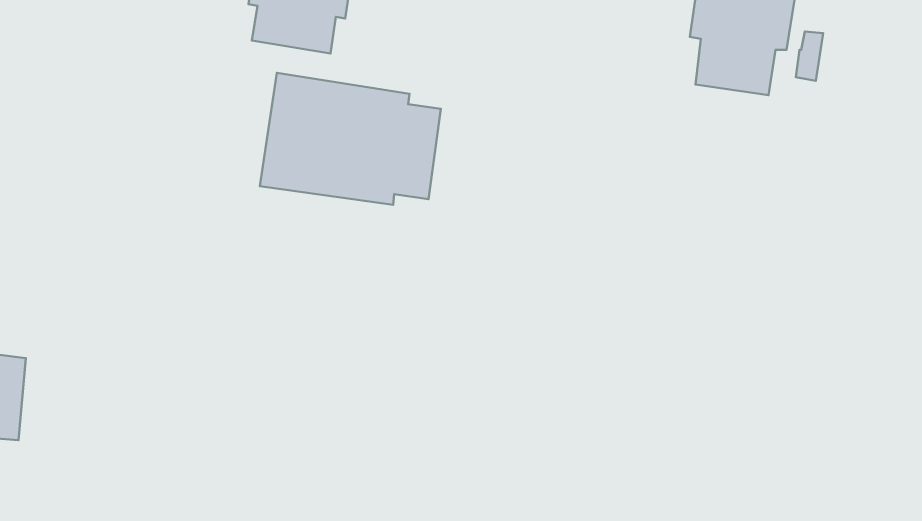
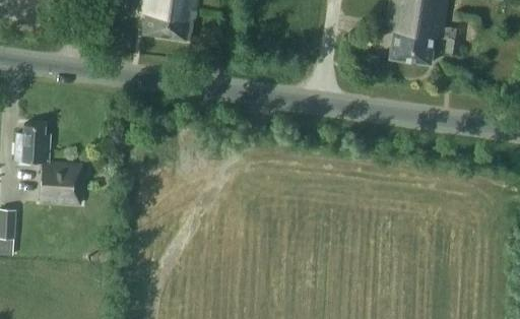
building: [260,73,441,205] -> none
building: none -> [14,124,82,202]

